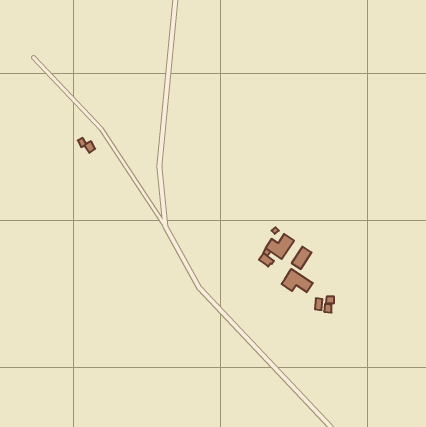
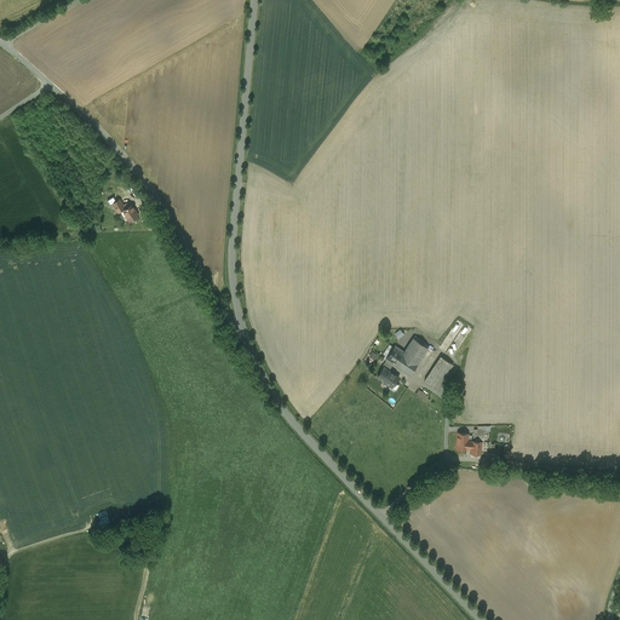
building: [282,269,313,292] -> none

